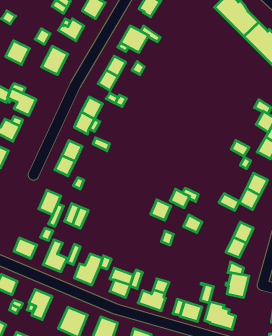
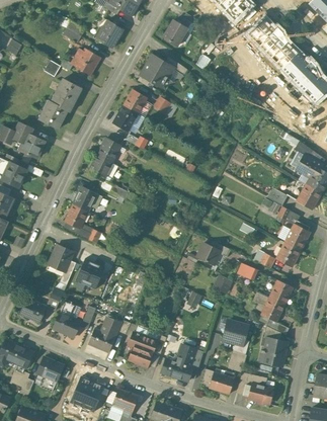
building: [6,41,30,65] -> [39,102,67,130]
building: none -> [221,320,248,345]

